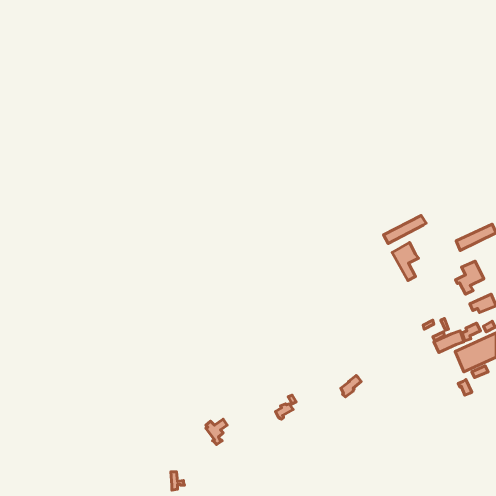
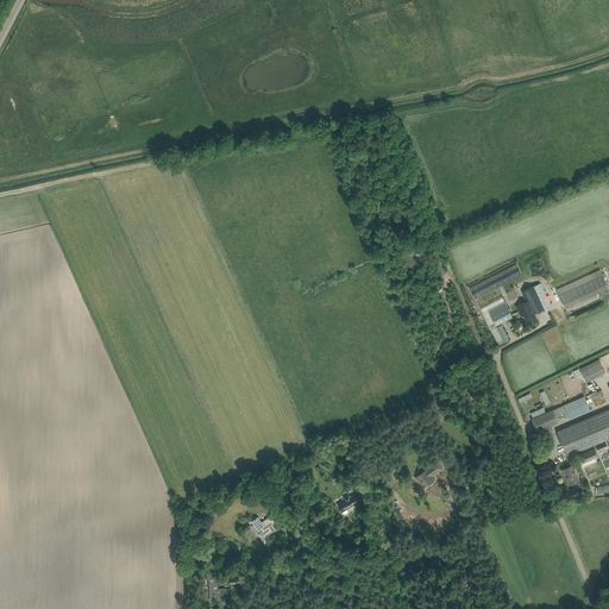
building: [456,261,484,294] -> [516,283,551,324]

